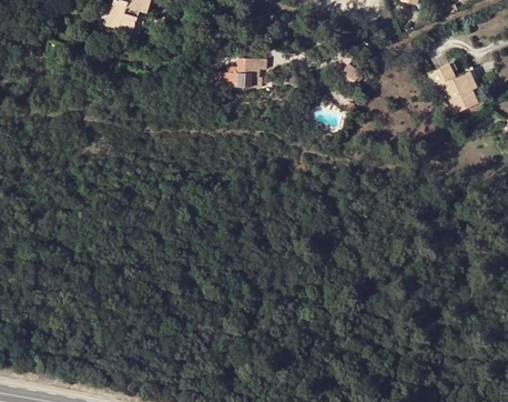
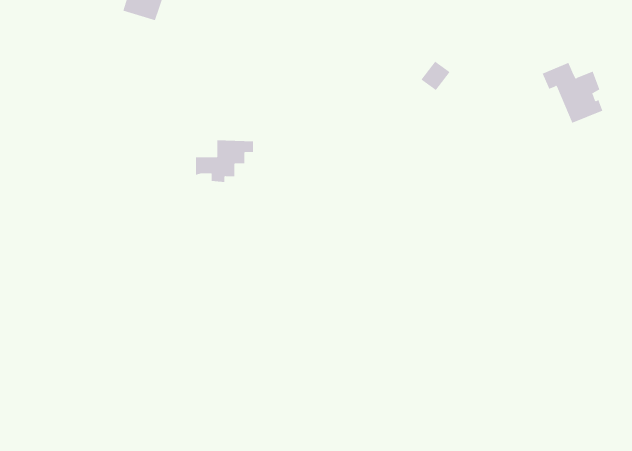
building: [220,58,265,91] -> [195,140,254,182]

